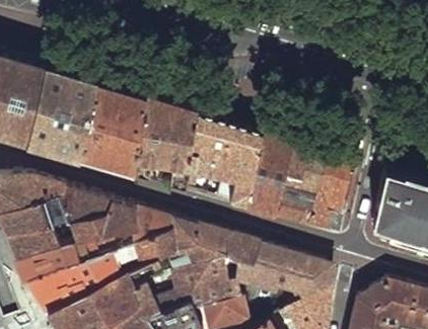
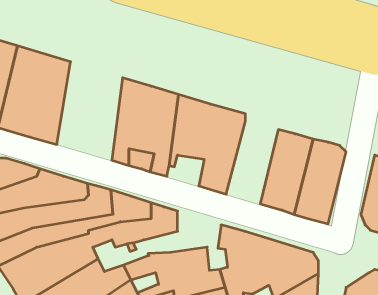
building: [79,83,142,177] -> none
building: [241,140,291,219] -> none
building: [162,226,236,266] -> none

